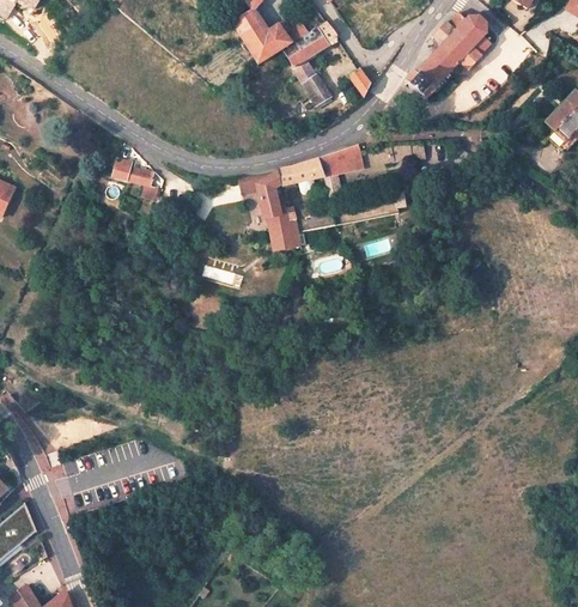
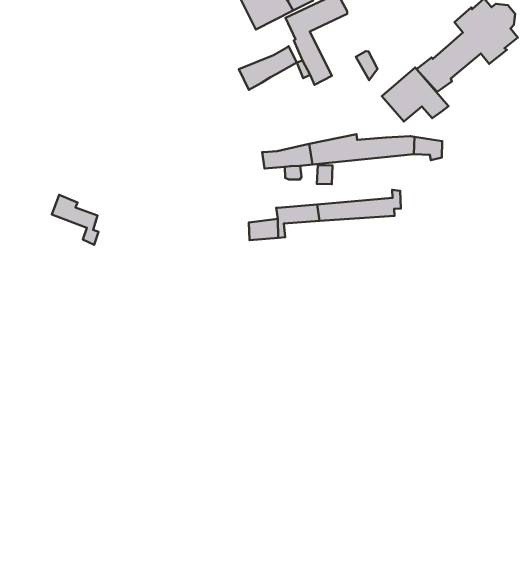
building: none -> [239,46,297,90]
building: none -> [382,67,449,121]
building: [112,159,156,200] -> [52,195,98,245]
building: [237,171,281,219] -> none

